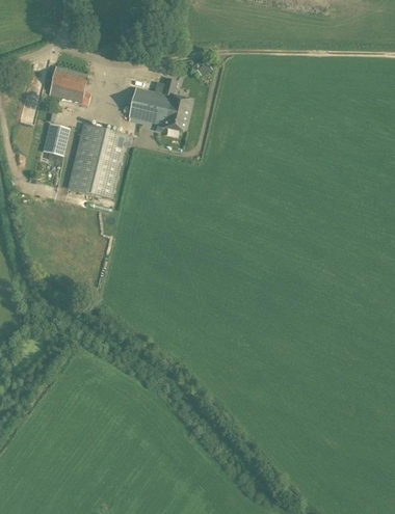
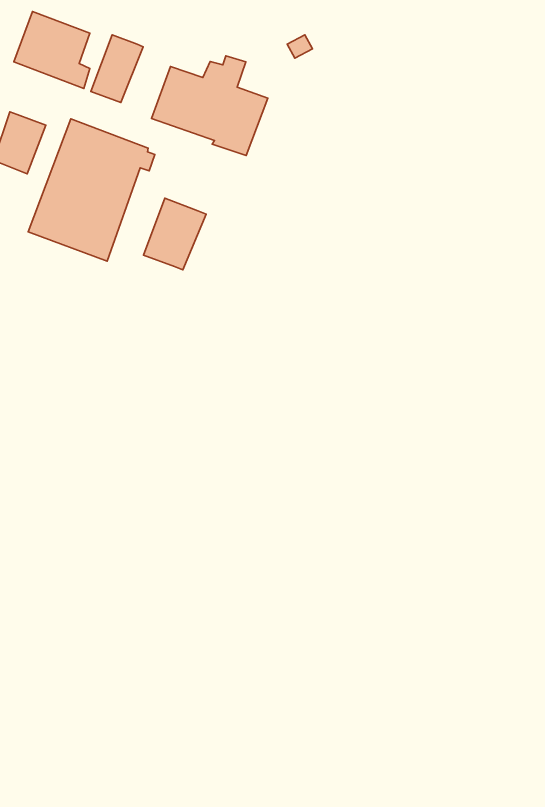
building: none -> [91,35,143,102]
building: none -> [143,198,206,270]

